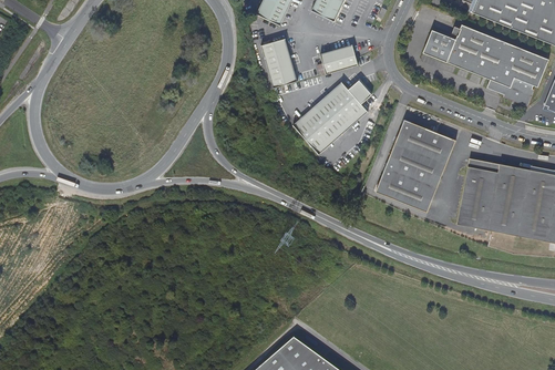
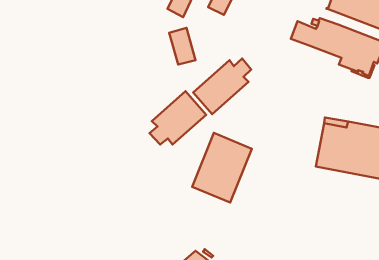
building: [317,45,357,74] -> none
building: [376,120,455,213] -> [192,133,252,203]
building: none -> [150,91,206,145]

